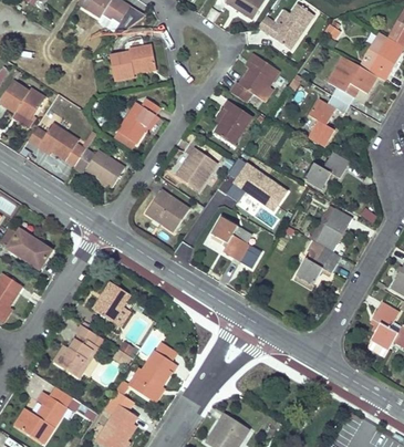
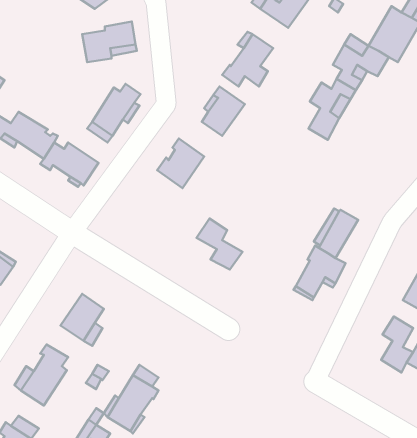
building: [304,152,350,189] -> none
building: [226,156,289,211] -> none
building: [145,189,189,231] -> none

